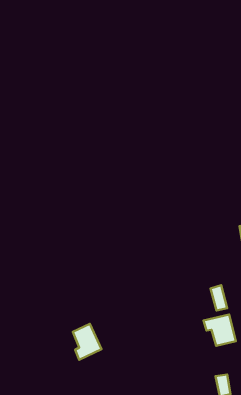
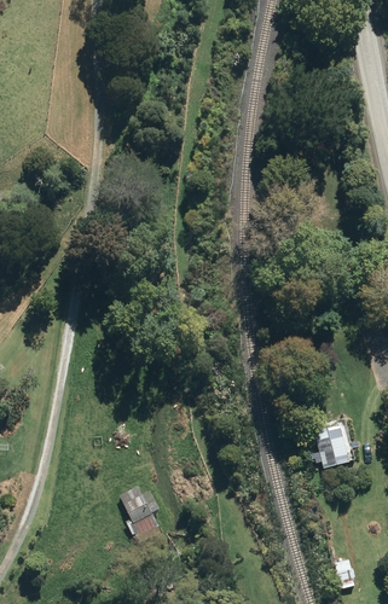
building: [204,315,236,346] -> none

